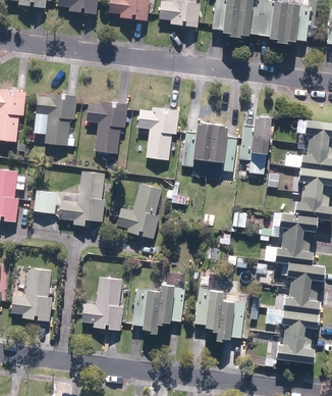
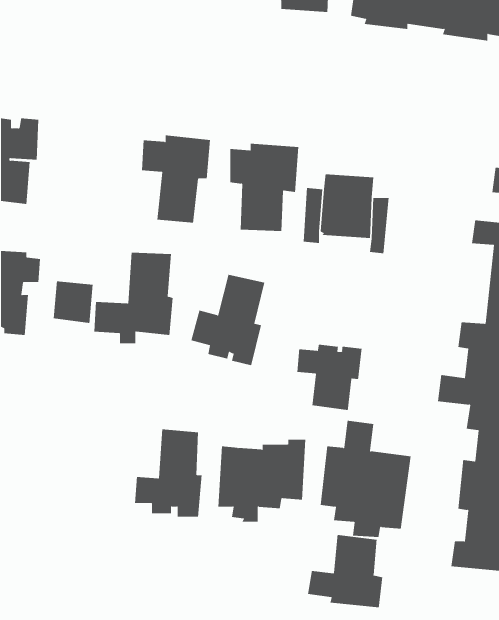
building: [36,94,74,145] -> none
building: [238,116,269,160] -> none
building: none -> [297,344,362,411]
building: [10,268,51,320] -> none
building: none -> [307,534,383,608]

